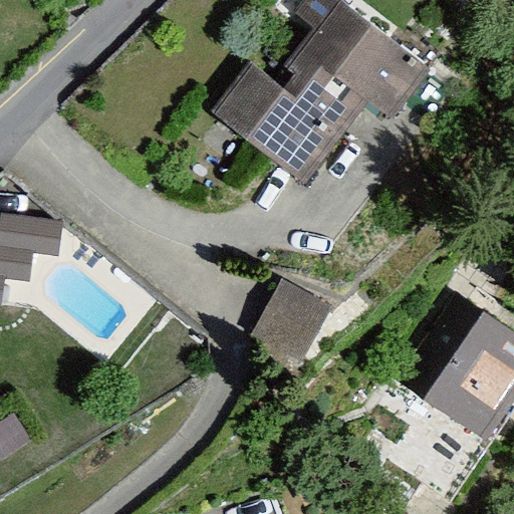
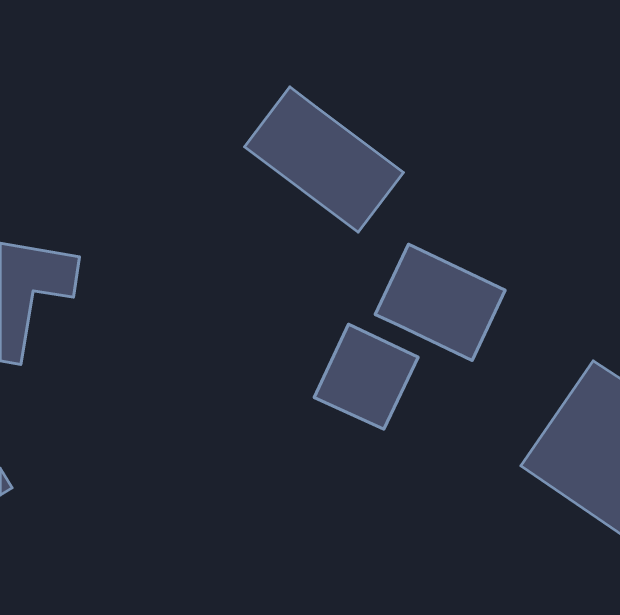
building: [264,6,419,142] -> none
building: none -> [375,244,505,360]

